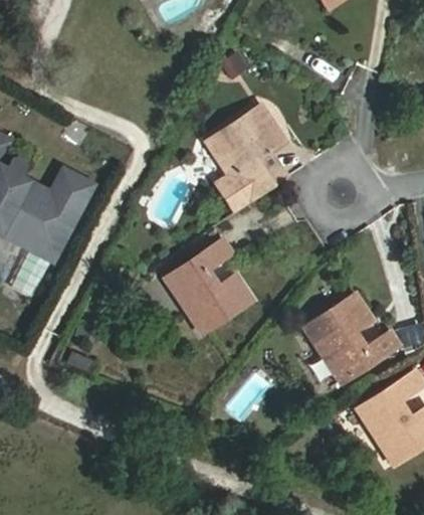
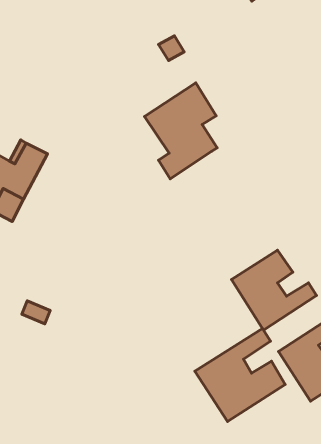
building: [164,238,252,334] -> none
building: none -> [195,329,285,422]

